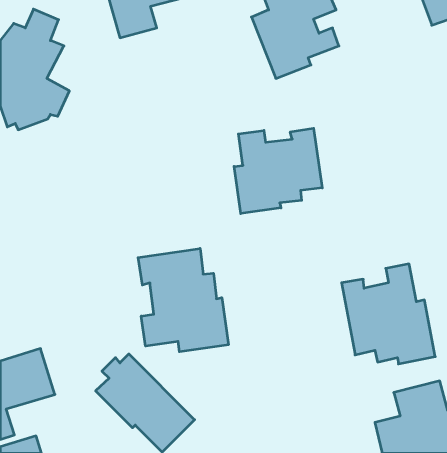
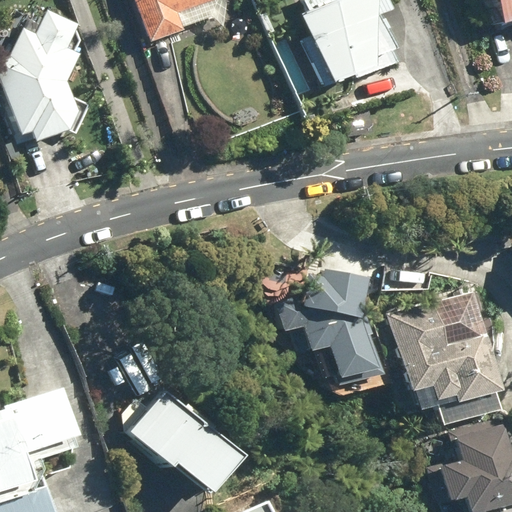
building: [234,128,322,214] -> none
building: none -> [282,264,386,383]
building: [138,248,228,352] -> none

